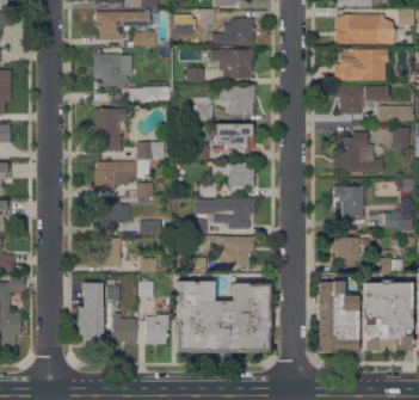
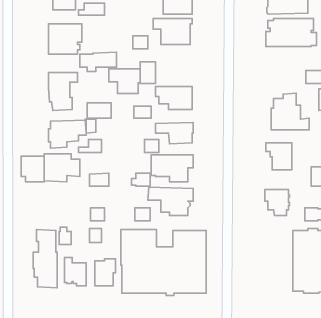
building: [220,86,254,113] -> [109,69,140,94]
building: [334,86,388,113] -> none
building: [95,238,121,266] -> [21,156,44,182]
building: [318,281,358,352] -> none

